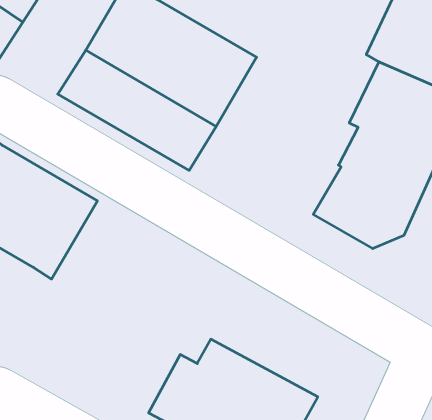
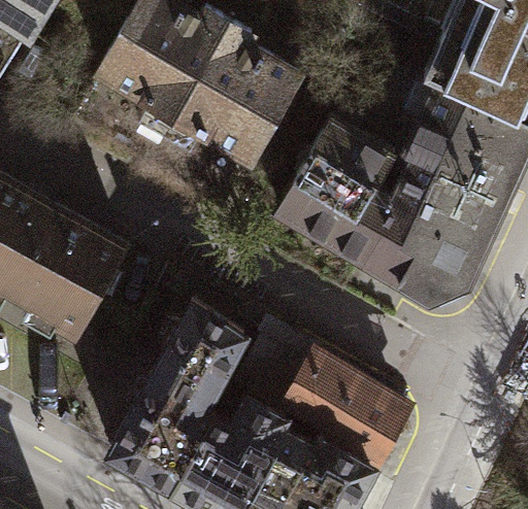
building: none -> [285,114,400,253]
building: none -> [113,300,251,481]
building: none -> [241,333,405,463]

